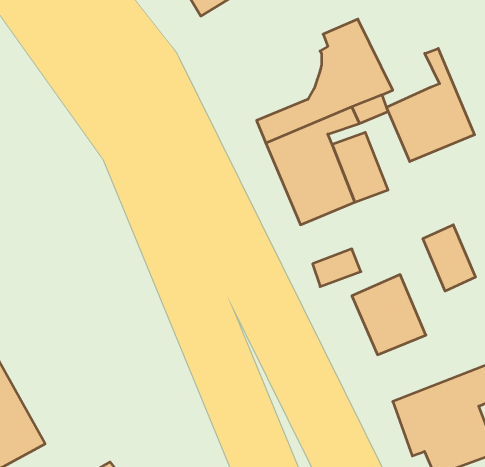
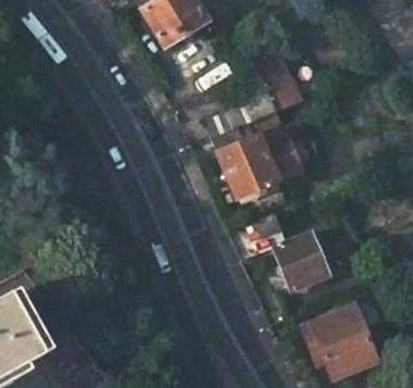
building: [387,48,475,162] -> none
building: [423,225,475,291] -> none

